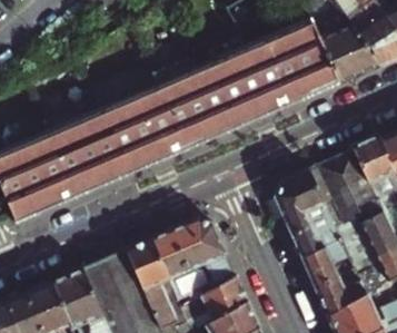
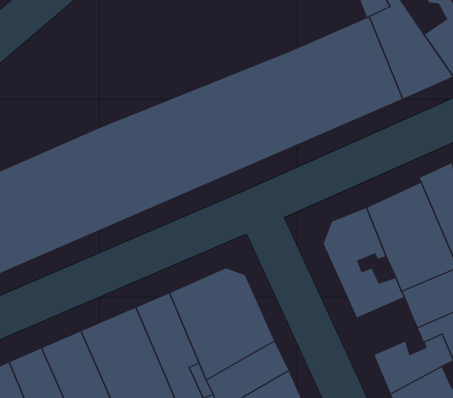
building: [300,242,345,287] -> none

